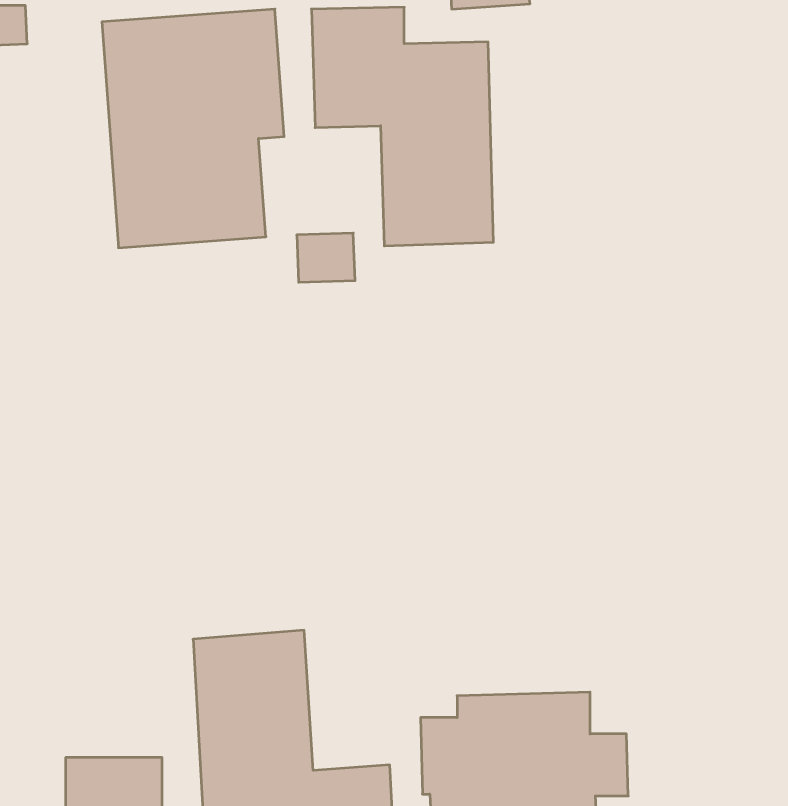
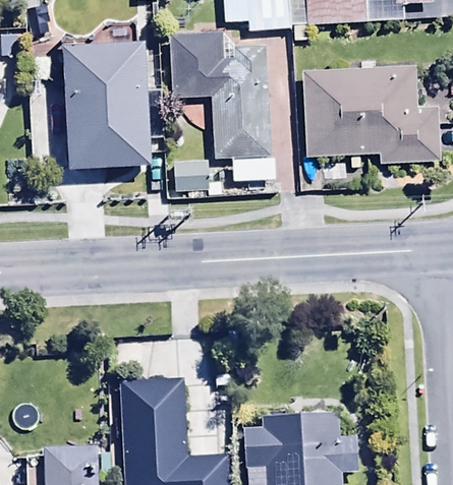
building: none -> [301,65,439,163]

